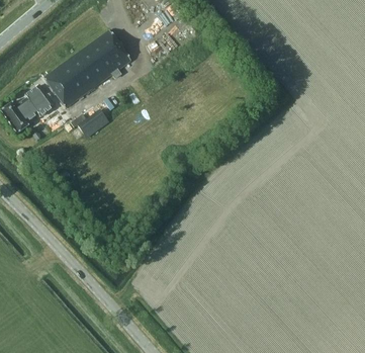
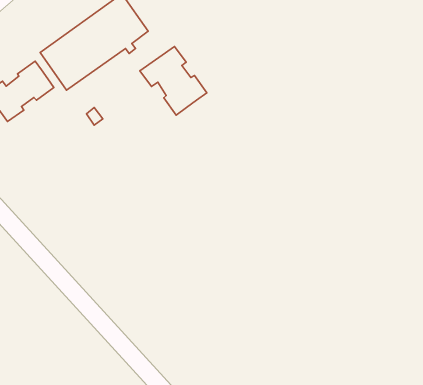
building: none -> [140,47,207,115]

